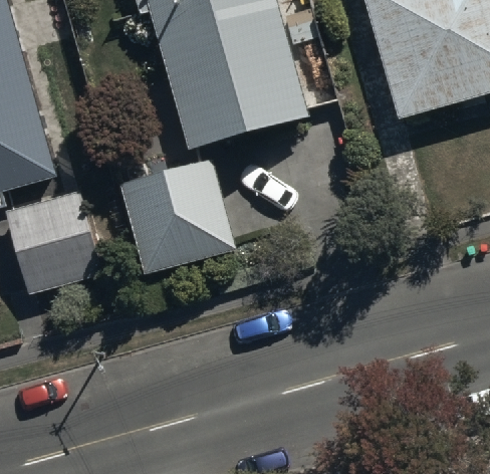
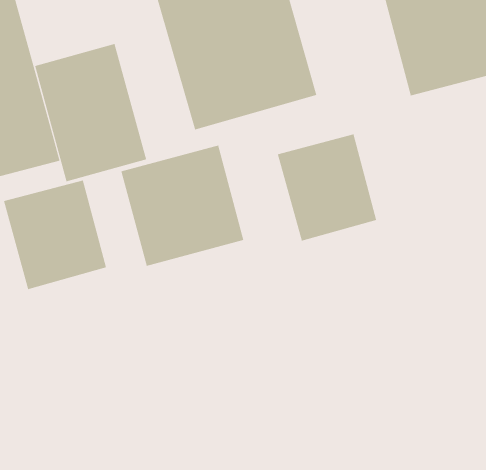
building: none -> [34,43,147,182]
building: none -> [277,133,377,242]

